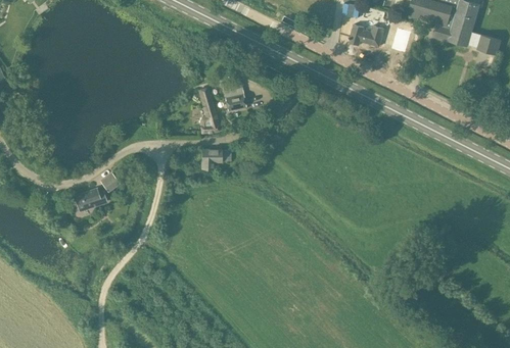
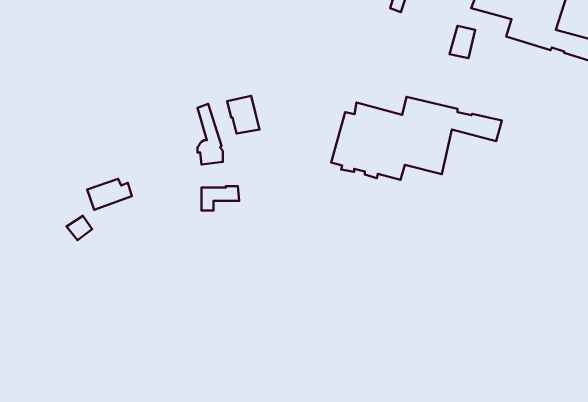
building: [349,26,383,47] -> none
building: none -> [331,97,502,180]
building: [73,189,106,212] -> [87,179,132,210]

